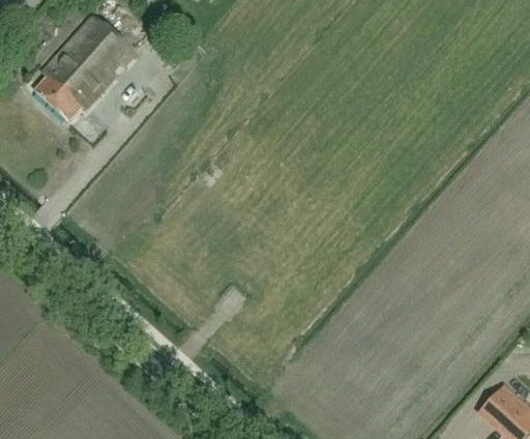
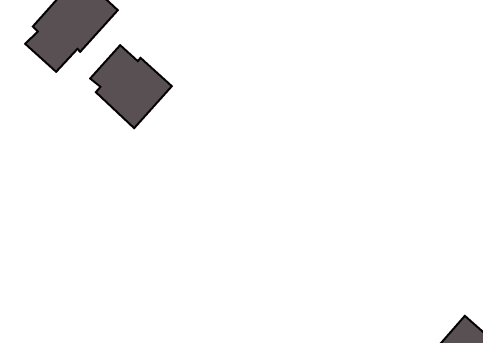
building: none -> [90,45,172,128]

